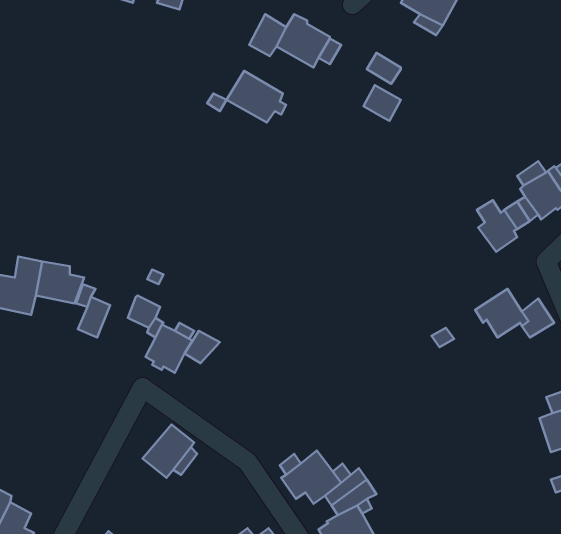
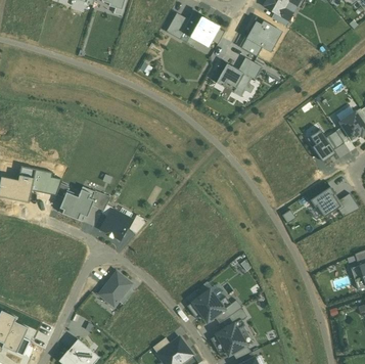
building: none -> [247,17,279,50]
building: [226,71,286,122] -> [216,63,254,96]
building: none -> [71,186,95,222]

